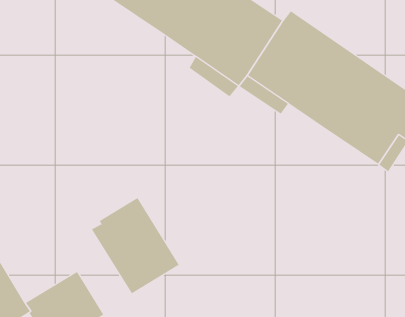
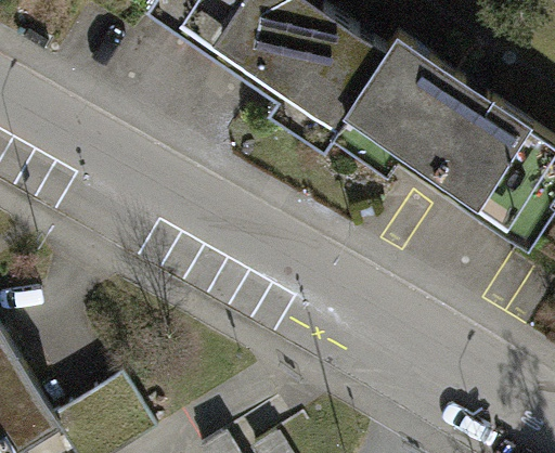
building: [91,197,179,294] -> none

